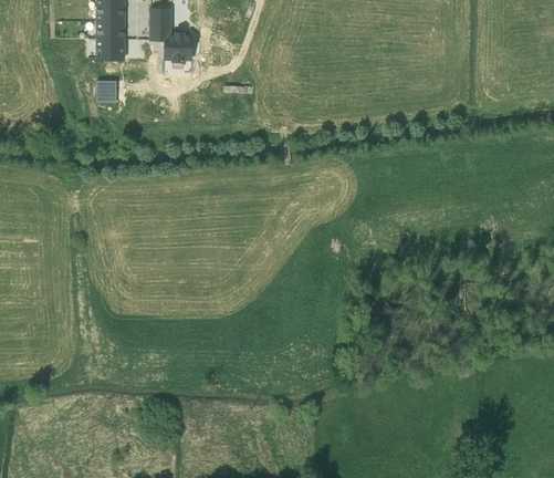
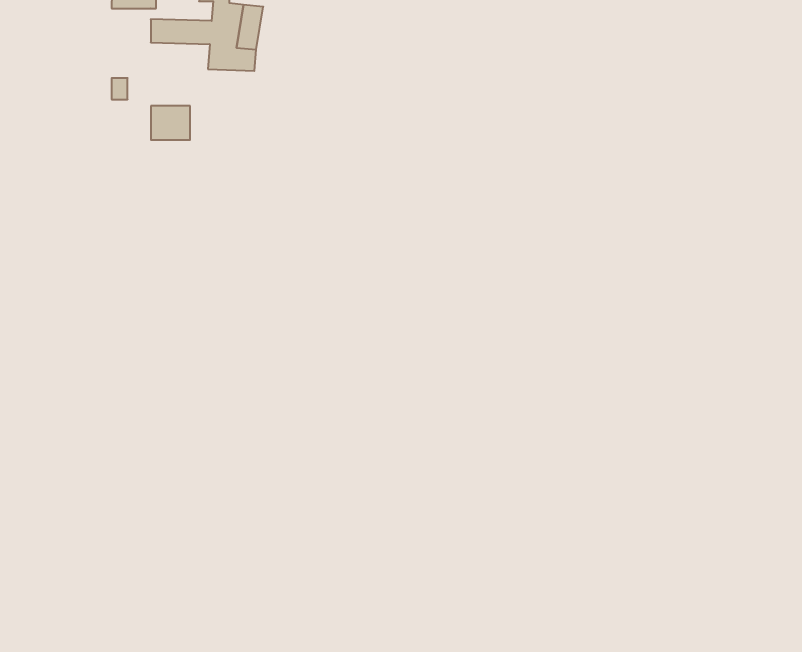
building: [97,39,122,60] -> [151,106,190,140]

